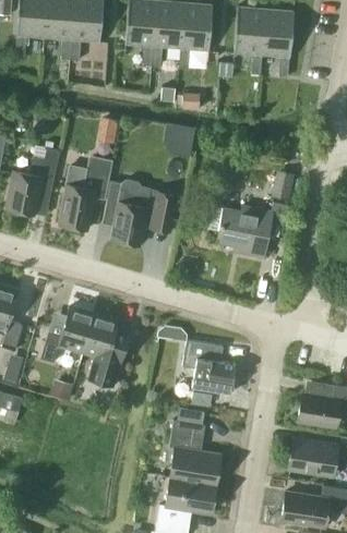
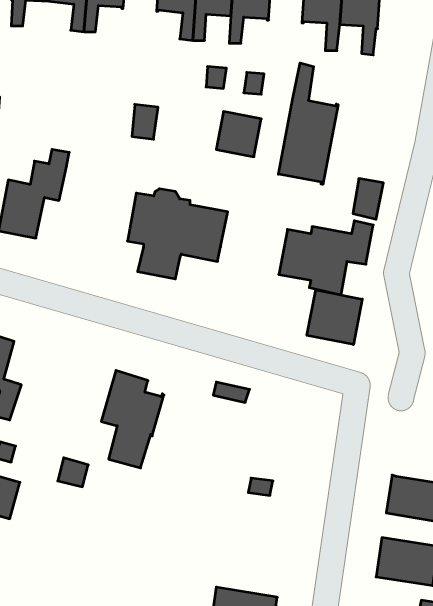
building: none -> [278,63,338,184]
building: [59,156,112,230] -> none
building: none -> [307,290,362,345]
building: [40,306,94,363] -> none
building: [181,340,235,393] -> none
building: [168,420,220,484] -> none

